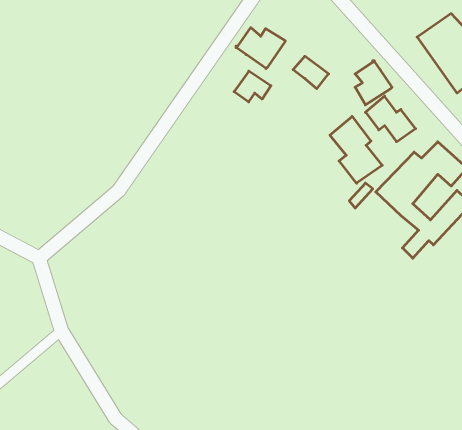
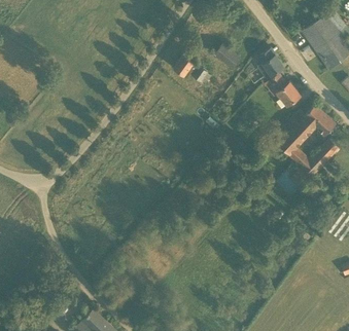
building: [236,28,285,69] -> none
building: [330,116,382,183] -> none

